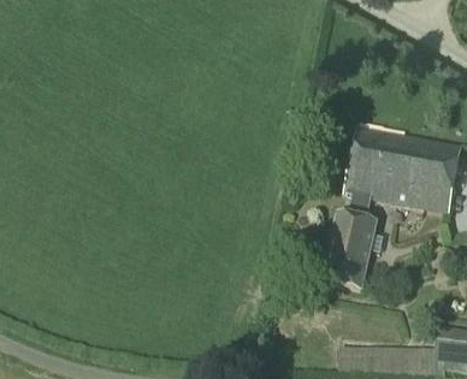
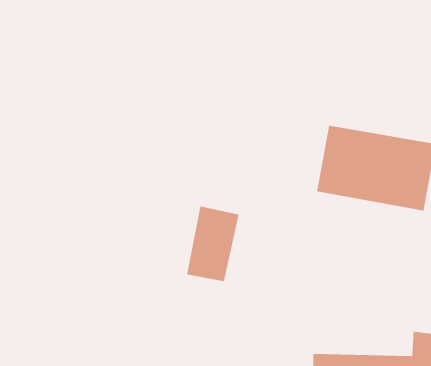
building: [325,215,377,290] -> [186,205,239,282]

